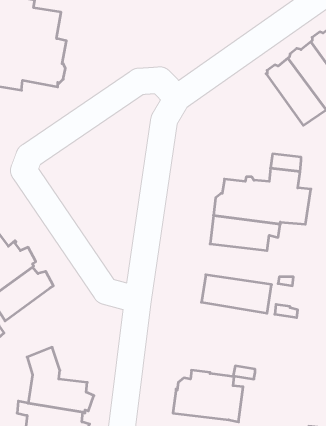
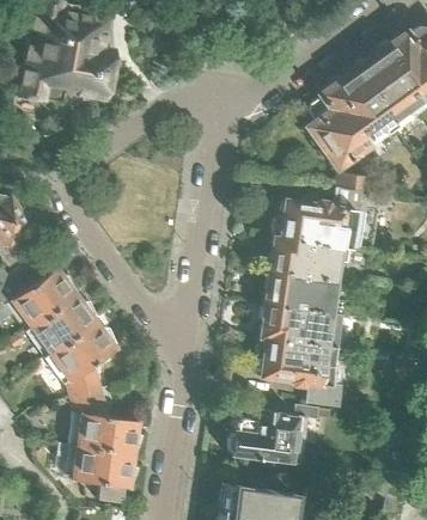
building: none -> [310,87,372,169]
building: none -> [266,273,340,317]
building: none -> [47,320,117,396]
building: none -> [258,336,356,409]

